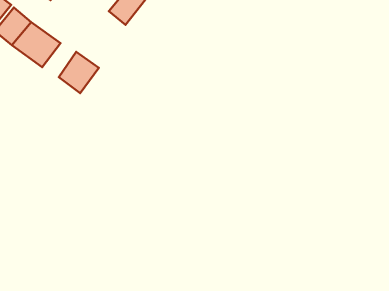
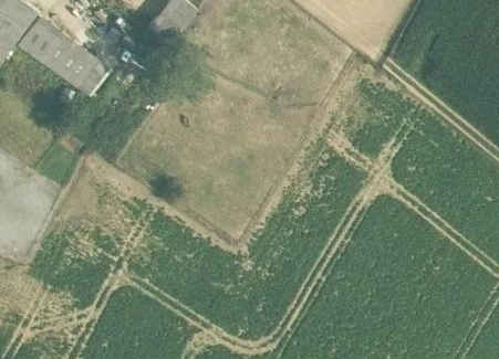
building: [59,52,99,93] -> none

